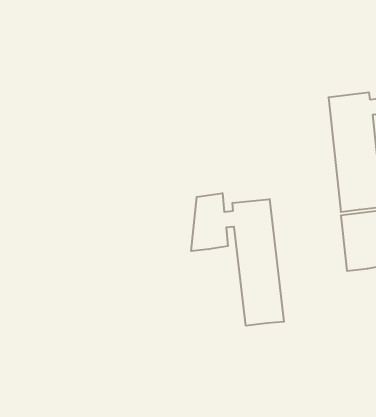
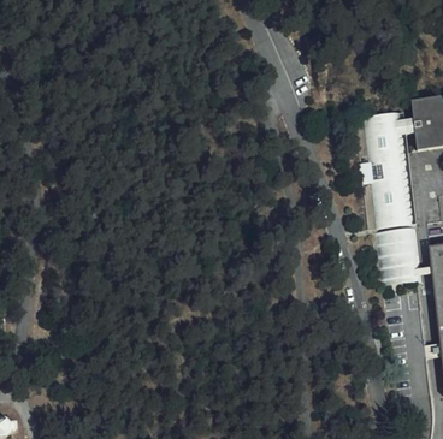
building: [191,193,284,326] -> none

